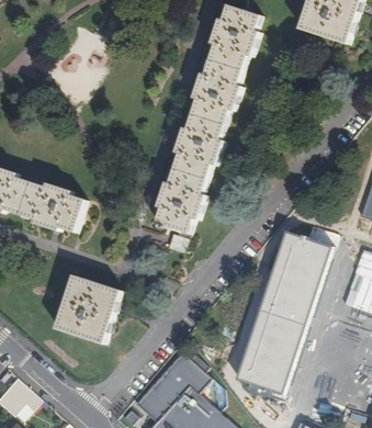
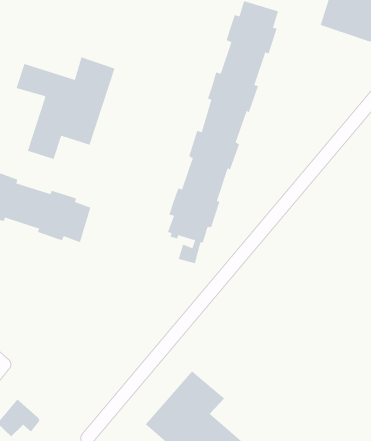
building: none -> [16,57,115,160]
building: [238,230,334,395] -> none
building: [58,275,123,343] -> none

